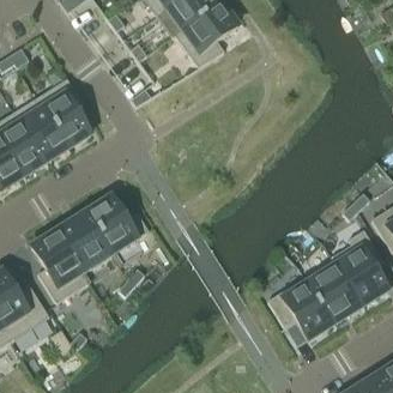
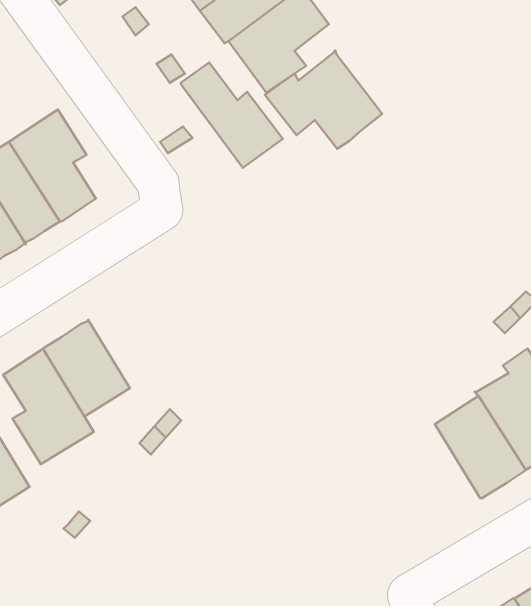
building: none -> [265,50,382,149]
building: none -> [181,62,283,168]
building: [86,195,150,254] -> none
building: [268,277,334,340] -> none

